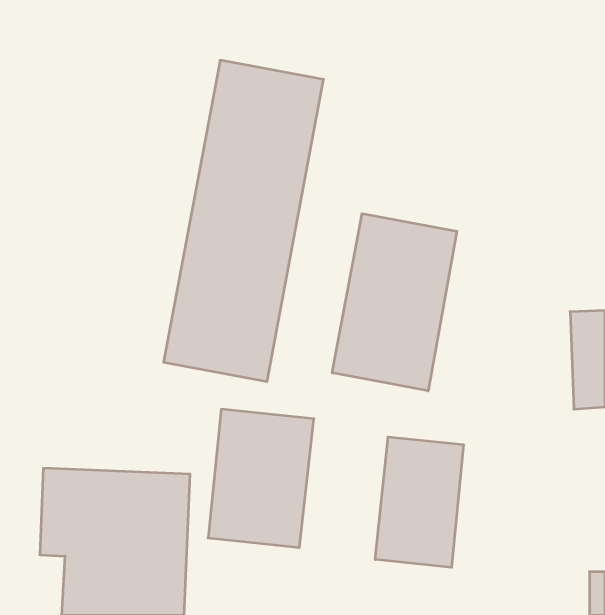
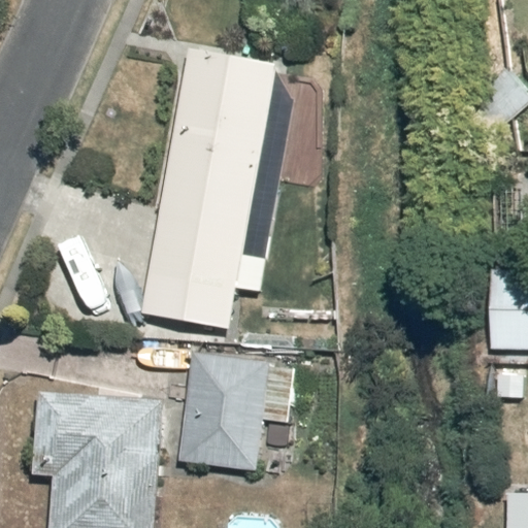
building: [332,214,457,391] -> none
building: [375,437,463,567] -> none

